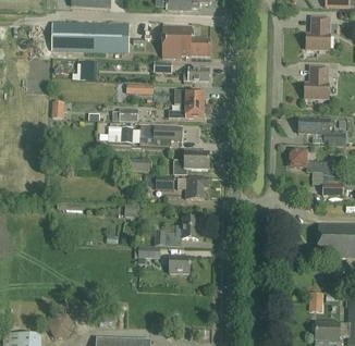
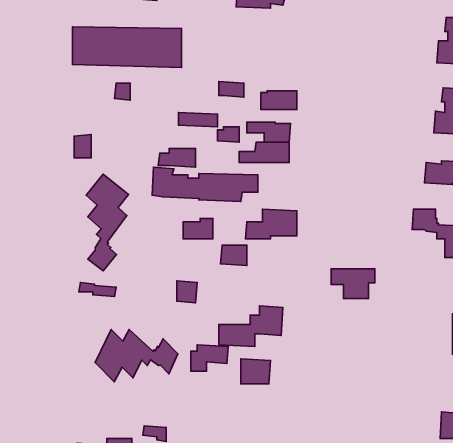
building: [163,24,210,58] -> none
building: none -> [86,174,129,271]
building: [178,177,208,198] -> [331,269,375,299]
building: none -> [95,329,178,382]

